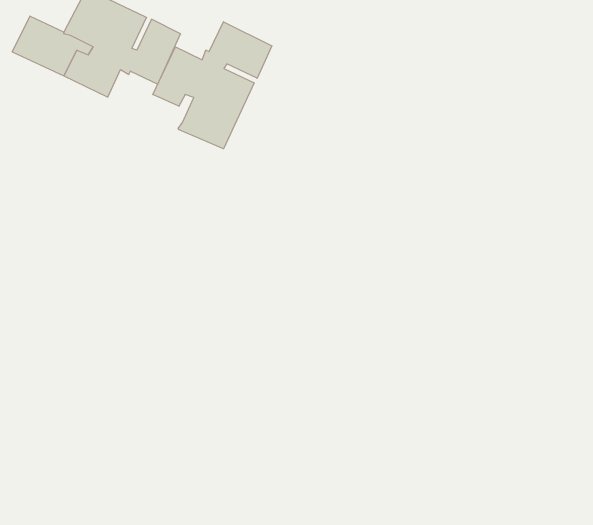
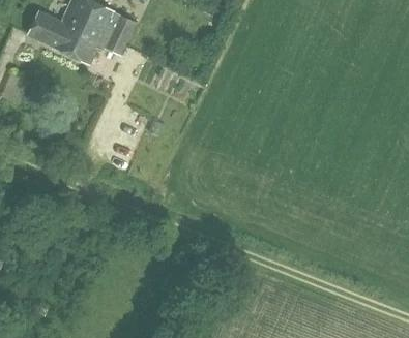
building: [153,22,272,149] -> none

